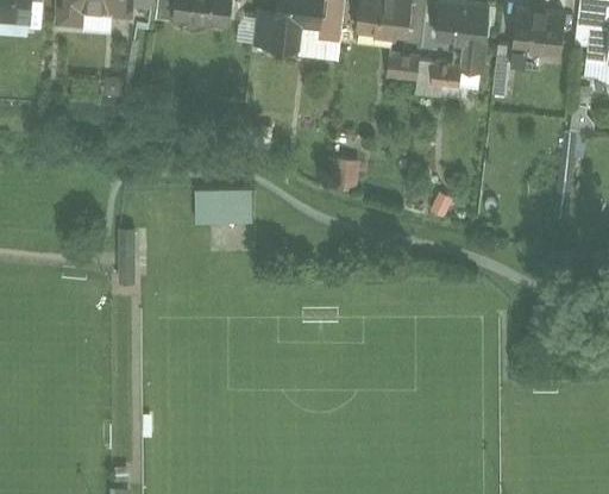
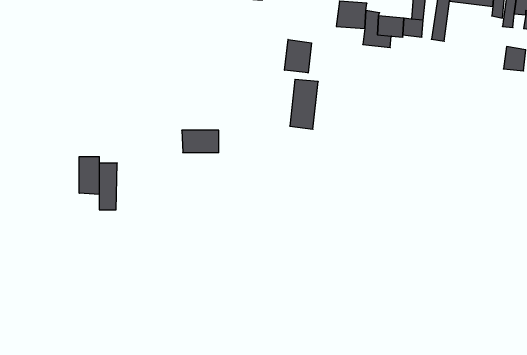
building: none -> [285,39,311,73]
building: none -> [79,157,99,194]

